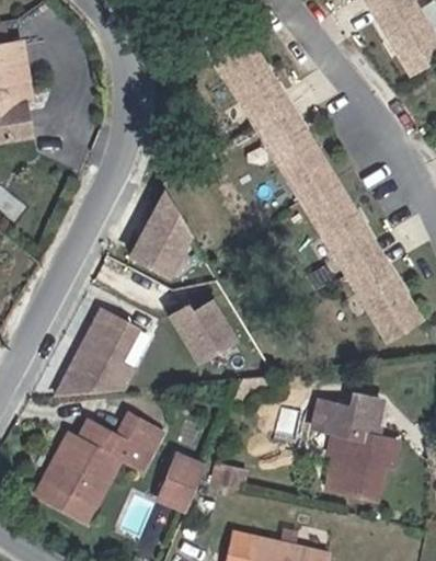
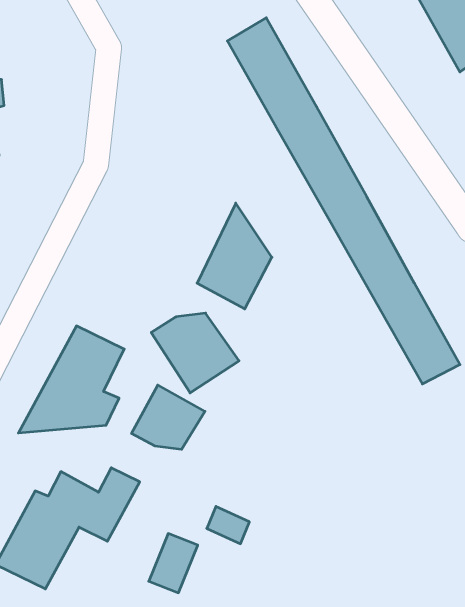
building: [125,178,188,267] -> [197,203,272,309]
building: none -> [132,385,205,449]
building: [313,403,394,508] -> none

